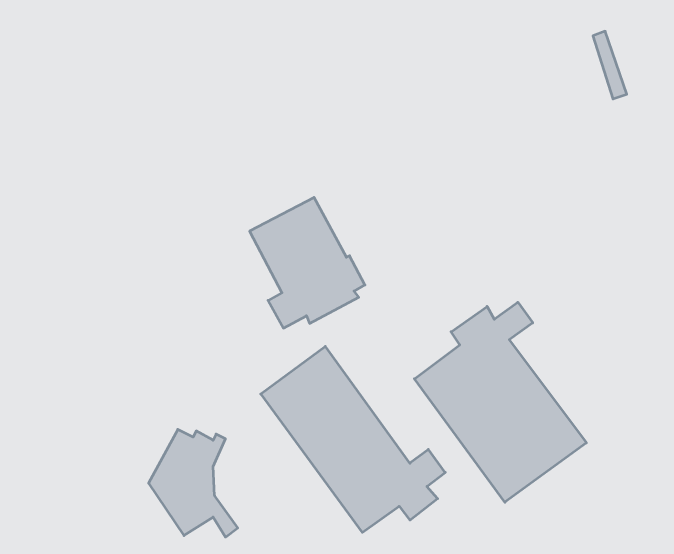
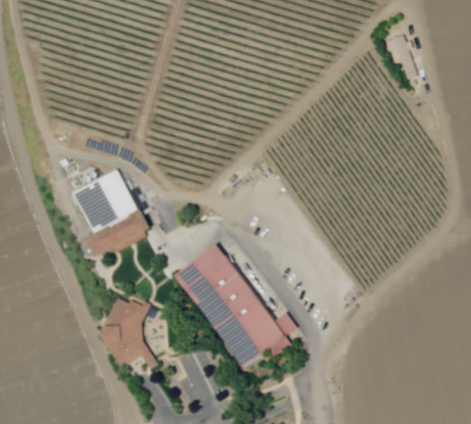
building: [250,197,365,328] -> [74,169,150,255]
building: [414,302,586,502] -> none

